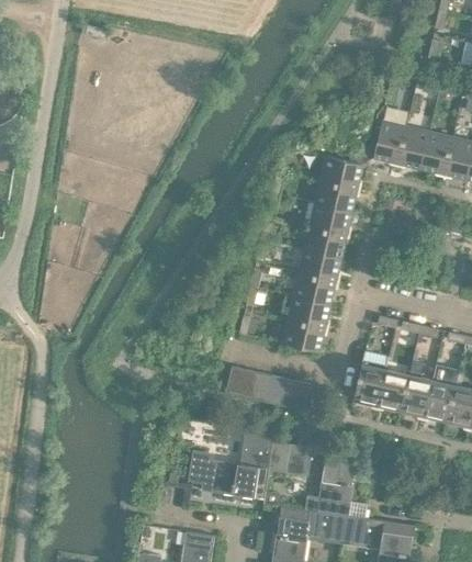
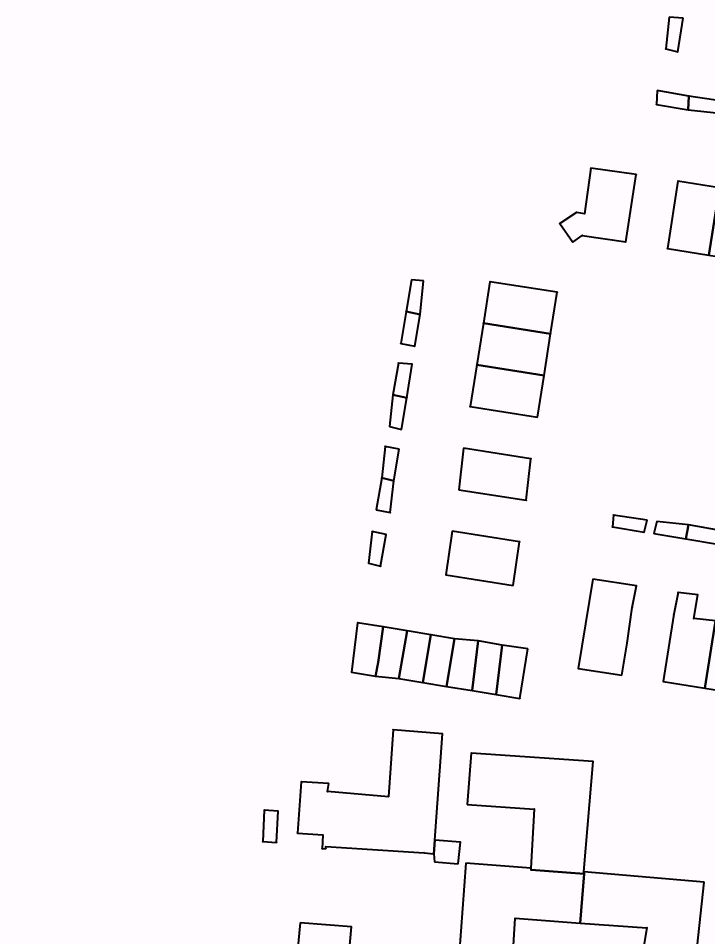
building: [396,126,428,169] -> none
building: [318,150,367,189] -> none
building: [296,249,339,281] -> none
building: [286,295,329,327] -> none
building: [375,369,407,412] -> none

